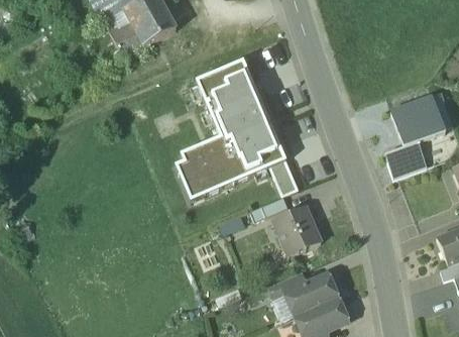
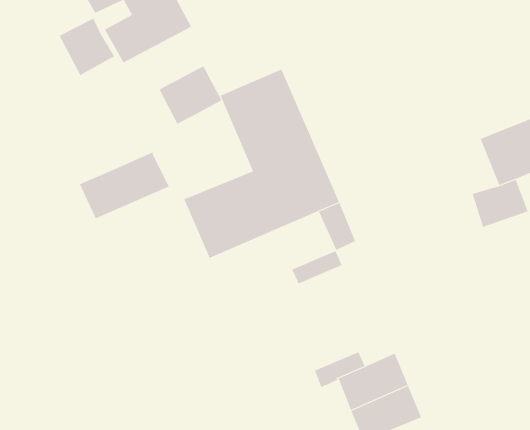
building: none -> [59,18,115,76]
building: none -> [159,65,222,124]
building: none -> [79,152,170,219]
building: [272,207,321,254] -> none

